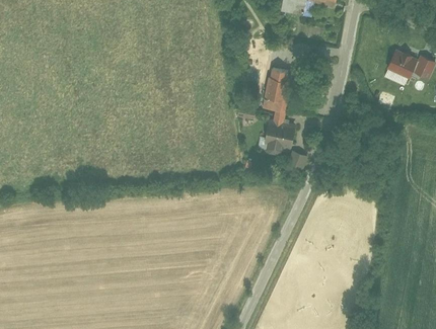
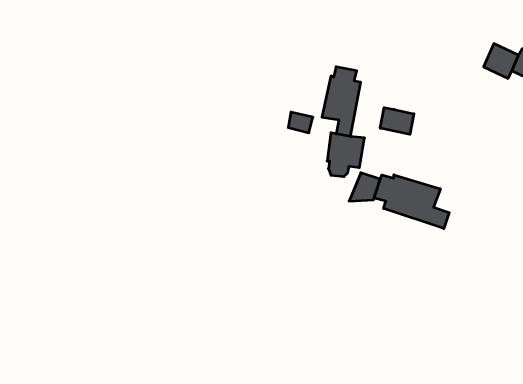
building: none -> [380,108,414,134]
building: none -> [374,175,449,229]

